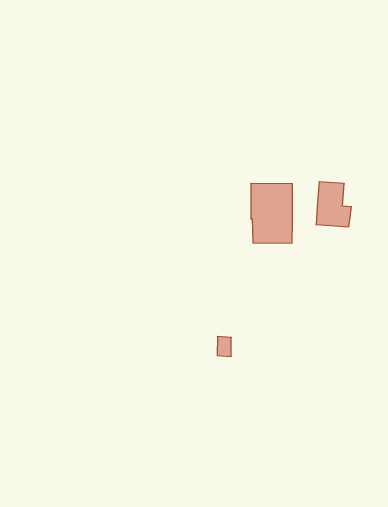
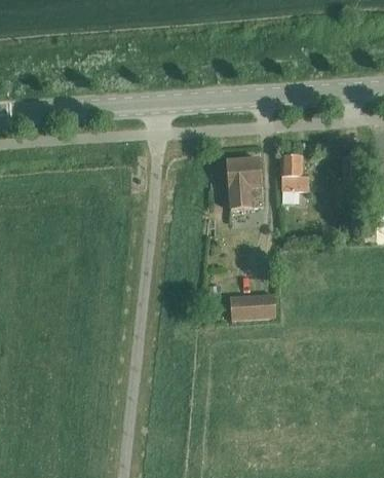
building: none -> [230,293,276,319]

